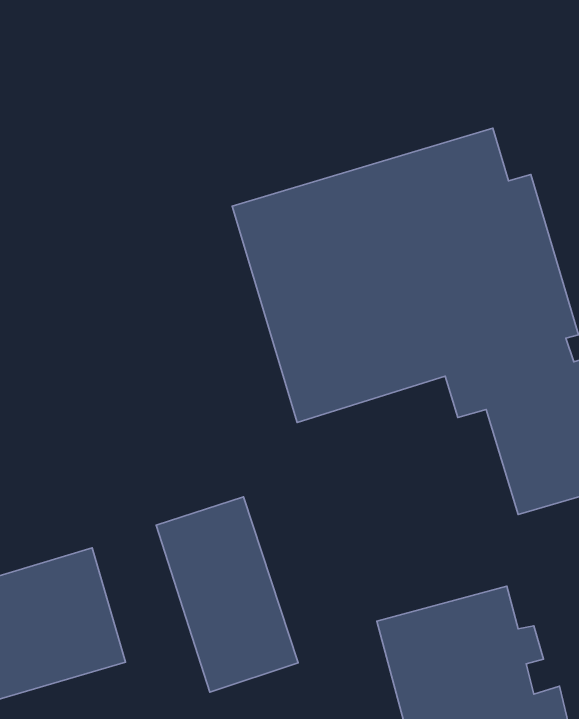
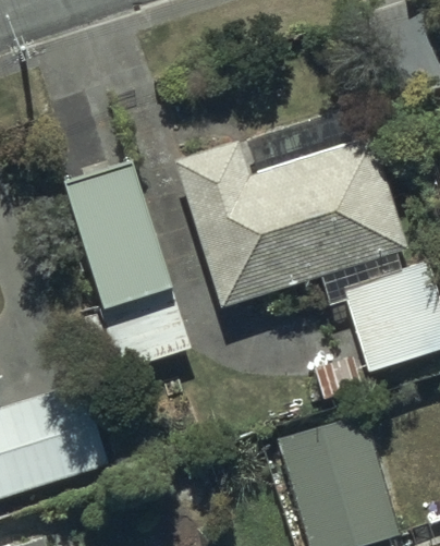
building: none -> [64,159,193,366]
building: [156,497,298,692] -> none

